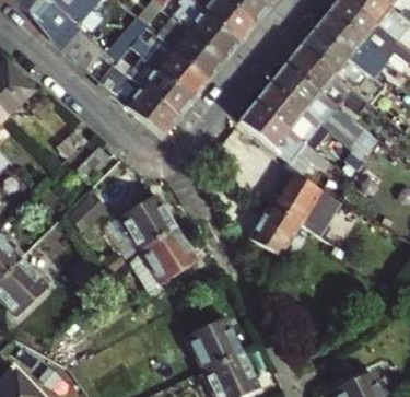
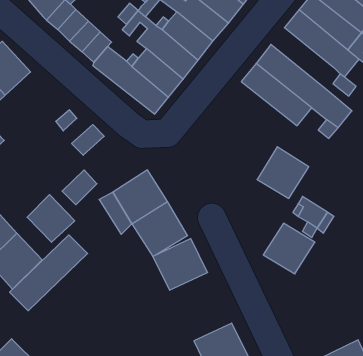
building: [284,45,350,108] -> none
building: [238,101,329,167] -> none
building: [249,202,303,255] -> [263,223,315,274]
building: none -> [27,195,75,242]
building: none -> [10,235,88,311]
building: [187,316,244,370] -> [153,239,208,290]

